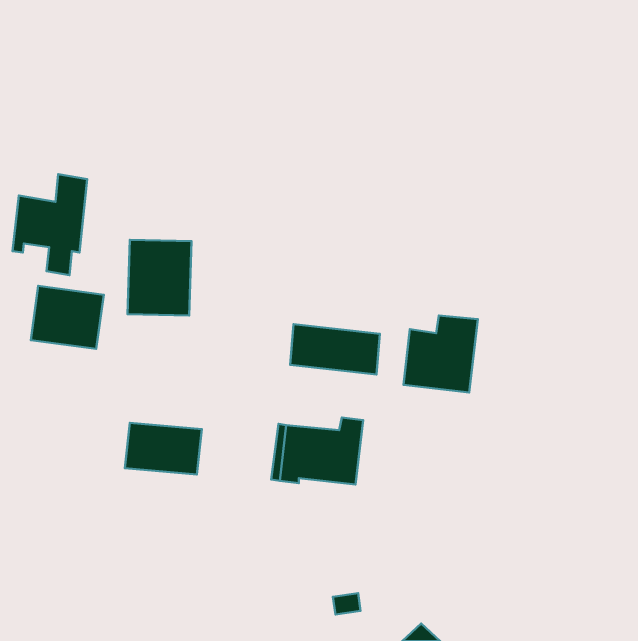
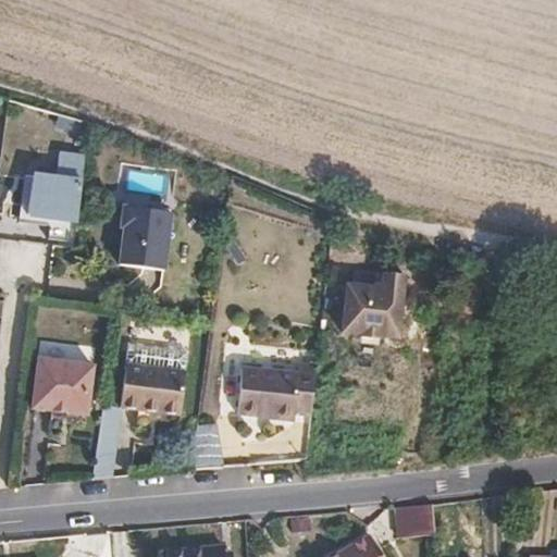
building: [31,286,104,349] -> [25,358,88,412]
building: [290,324,380,375] -> none
building: none -> [396,502,433,534]

